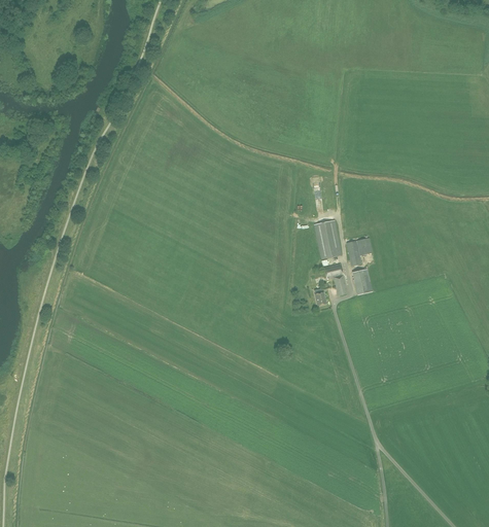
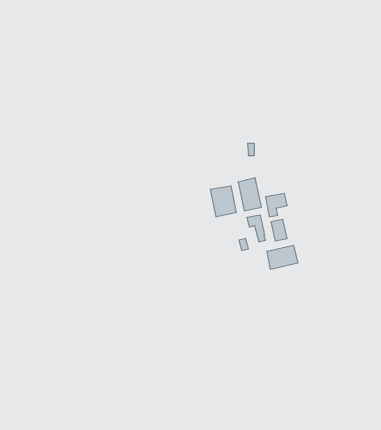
building: none -> [210,186,236,217]
building: none -> [267,245,298,269]

